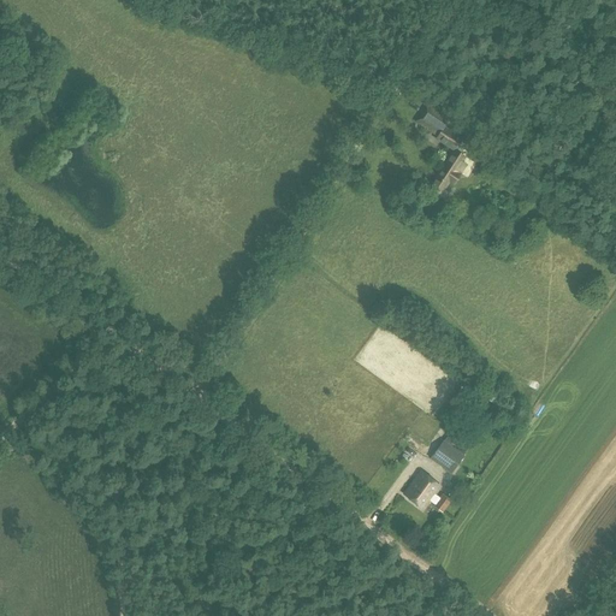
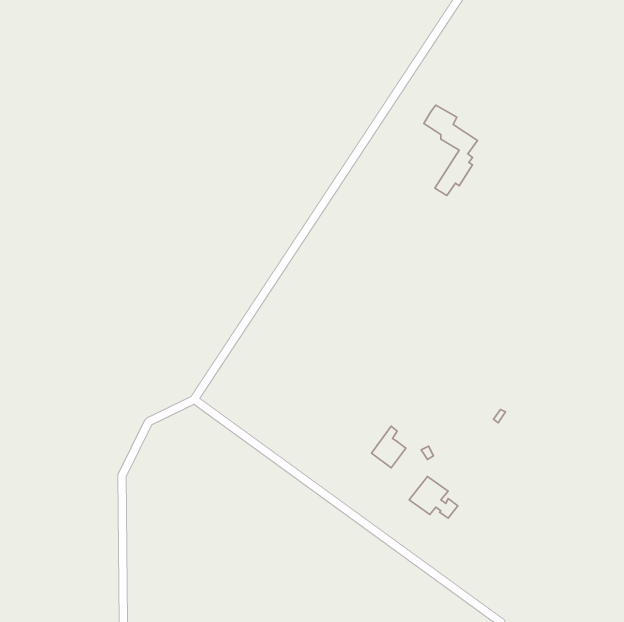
building: [431,431,464,472] -> [372,426,406,468]

